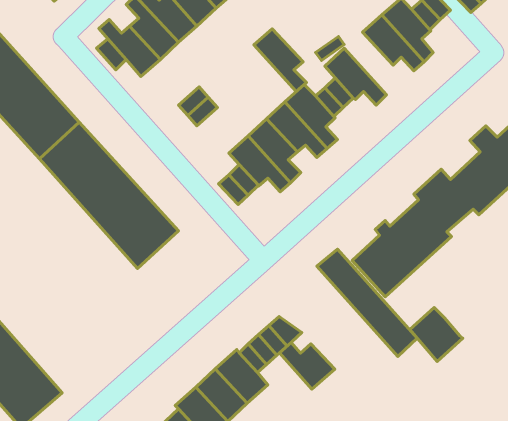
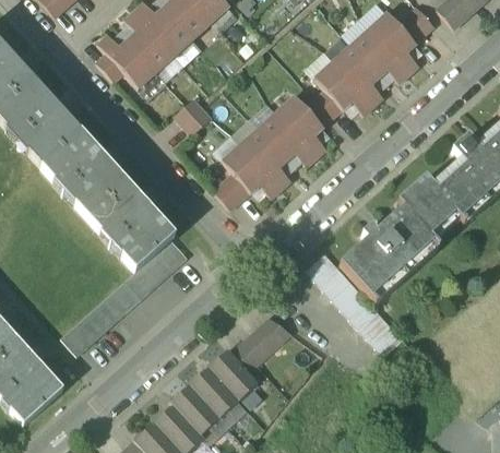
building: [254,29,306,92] -> [333,45,383,105]
building: none -> [62,239,188,356]
building: [410,308,463,361] -> none
building: [280,342,335,389] -> none

